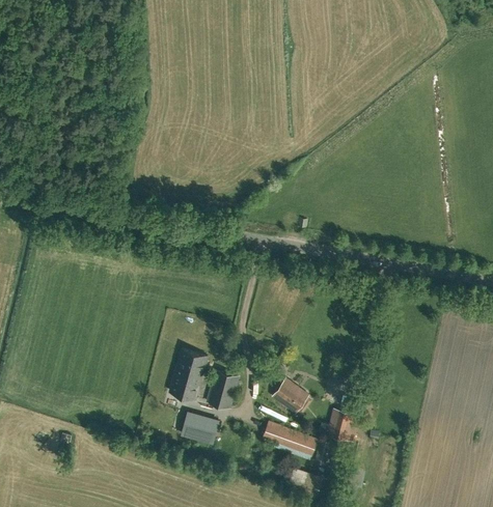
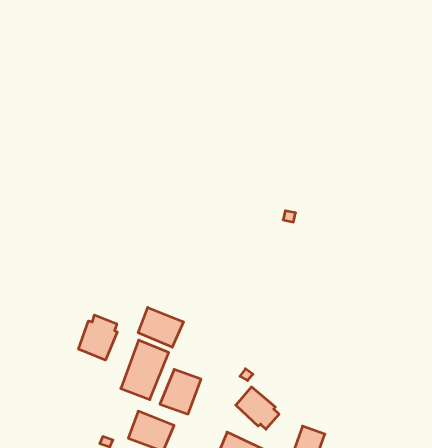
building: none -> [138,307,183,347]
building: none -> [79,315,117,360]

